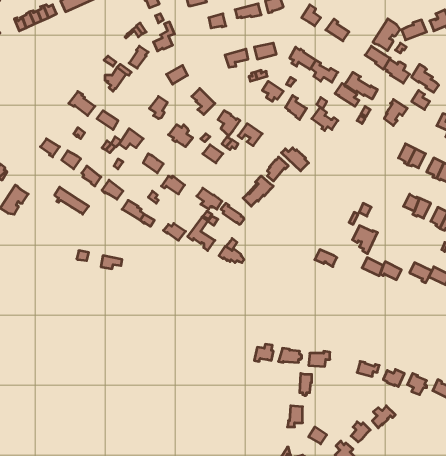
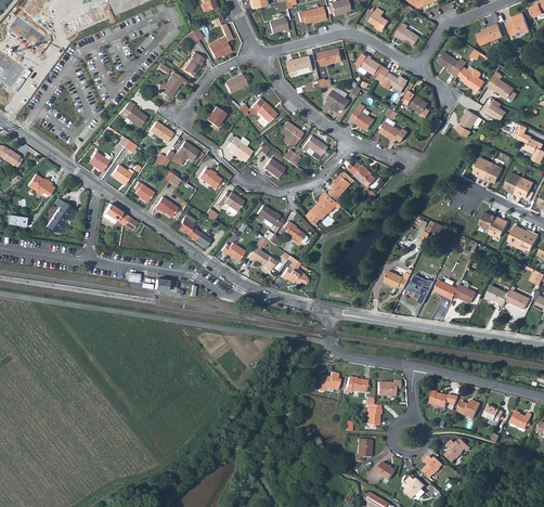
building: [373,19,400,51] -> none
building: [344,72,377,99] -> none
building: [352,226,378,254] -> [407,274,435,304]

